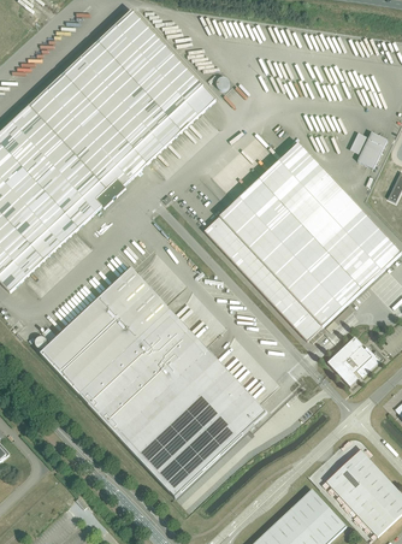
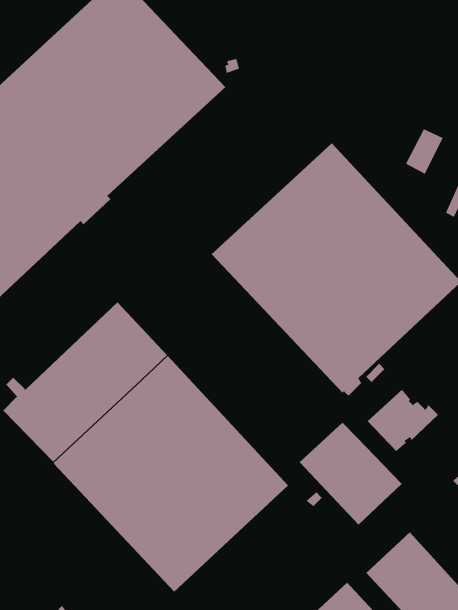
building: none -> [299,422,402,525]

